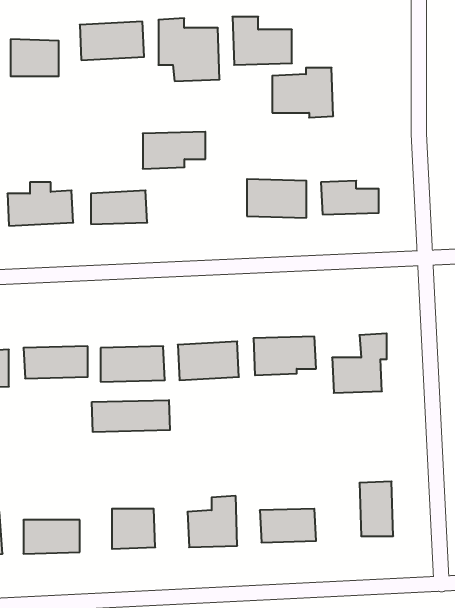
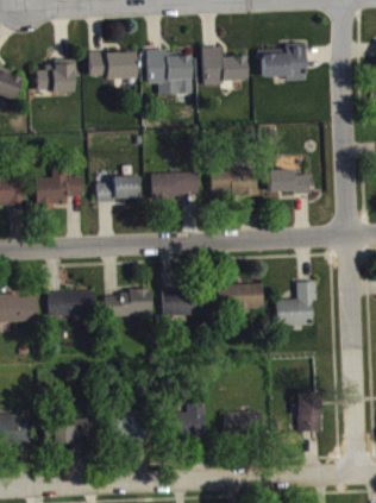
building: [272,68,333,118] -> [261,43,306,80]
building: [143,132,205,169] -> [152,171,199,199]
building: [92,400,170,432] -> none

